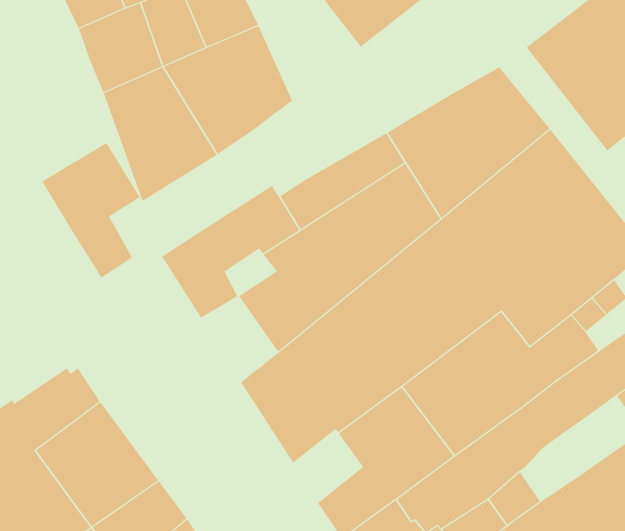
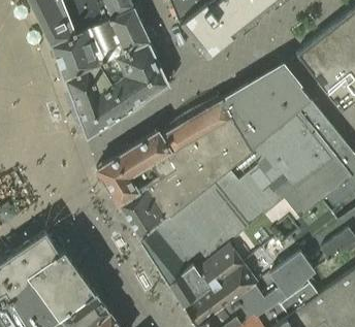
building: [41,142,141,279] -> none
building: none -> [118,192,160,239]
building: none -> [168,265,206,305]

